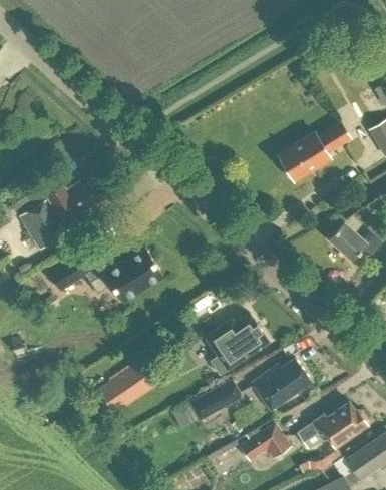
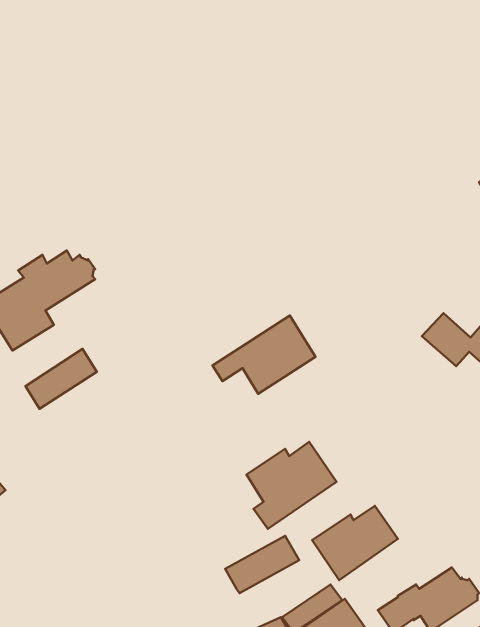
building: [278,123,350,180] -> none
building: [90,248,162,303] -> [213,315,315,394]
building: [108,366,149,404] -> none

